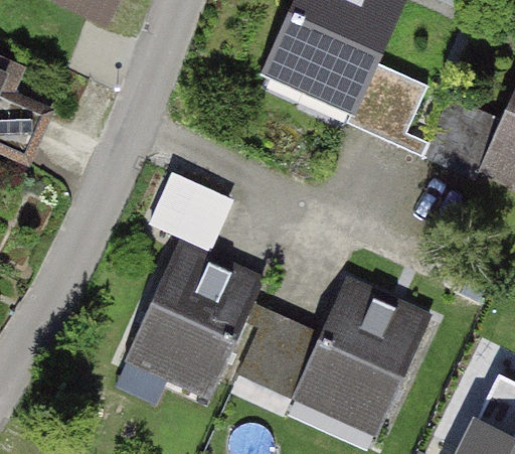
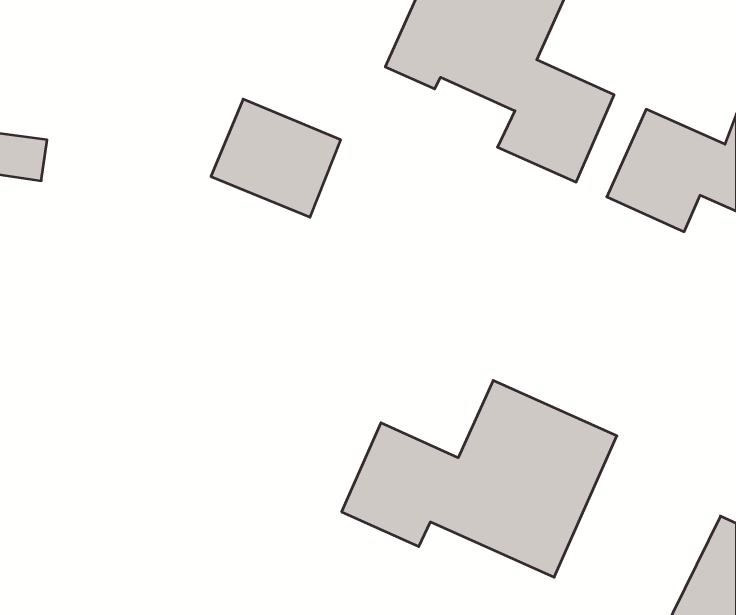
building: [147,169,236,251] -> [211,99,341,217]
building: [125,247,262,399] -> none

